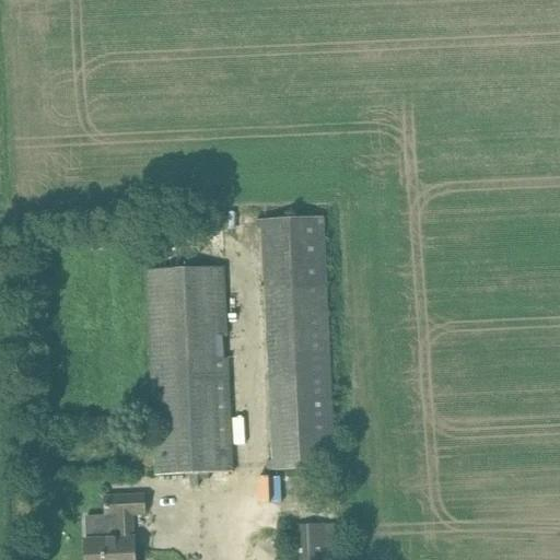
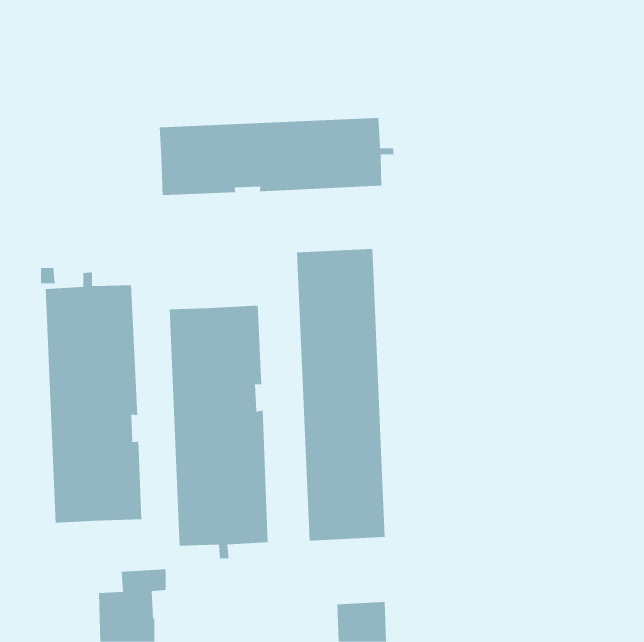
building: none -> [159,117,394,196]
building: none -> [45,272,142,524]

